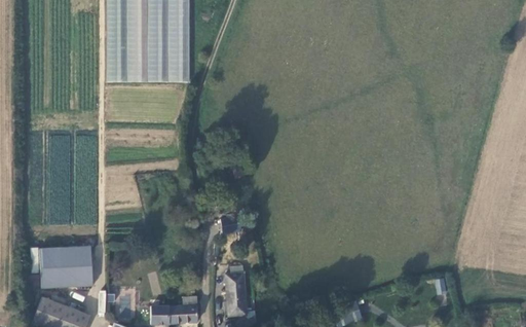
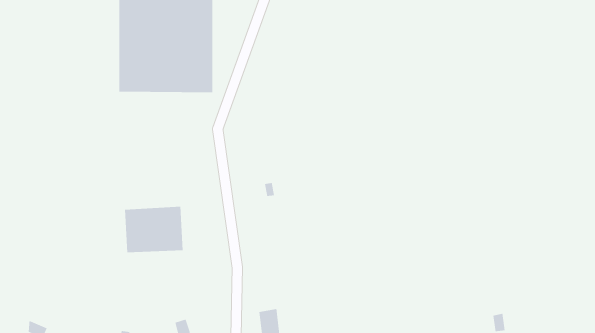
building: [40,247,92,288] -> [124,206,183,253]

